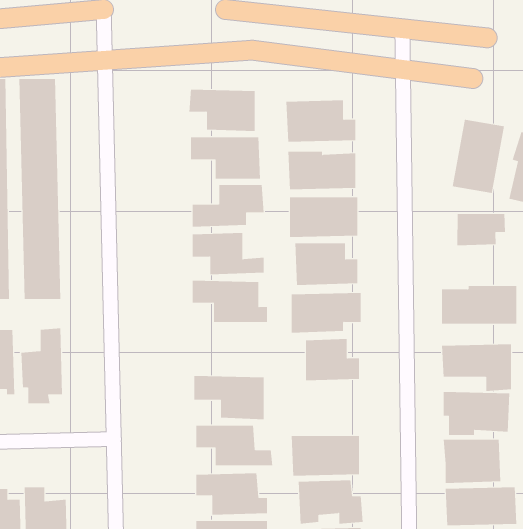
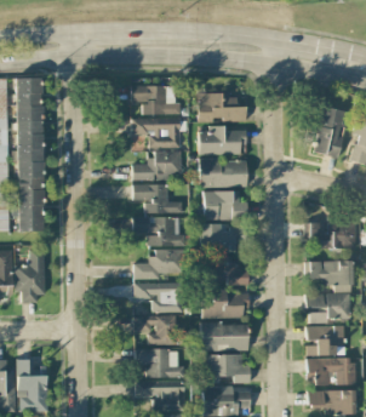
building: [457,213,505,246] -> none
building: none -> [133,251,183,280]
building: none -> [202,292,248,318]

